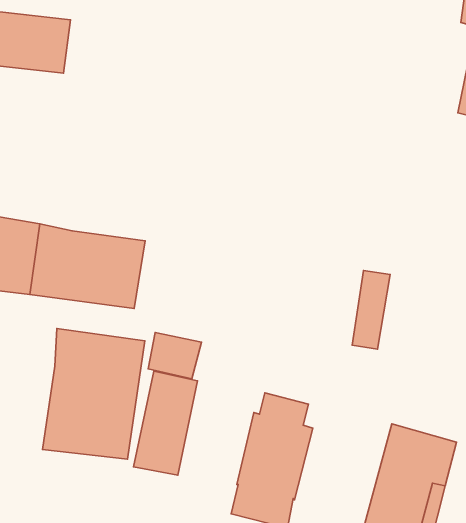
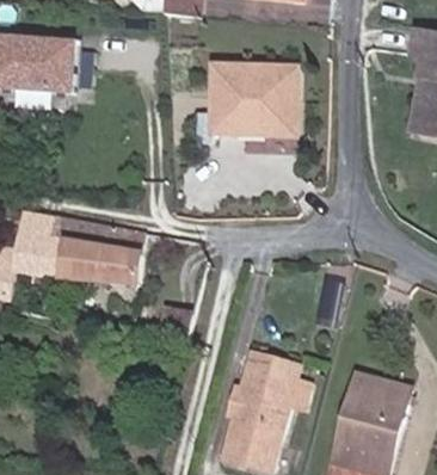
building: none -> [217,75,302,144]
building: [43,329,145,459] -> none
building: [134,371,198,475] -> none

